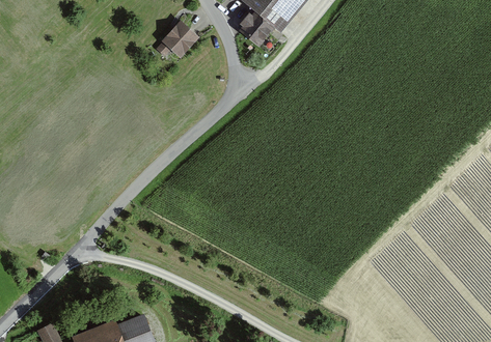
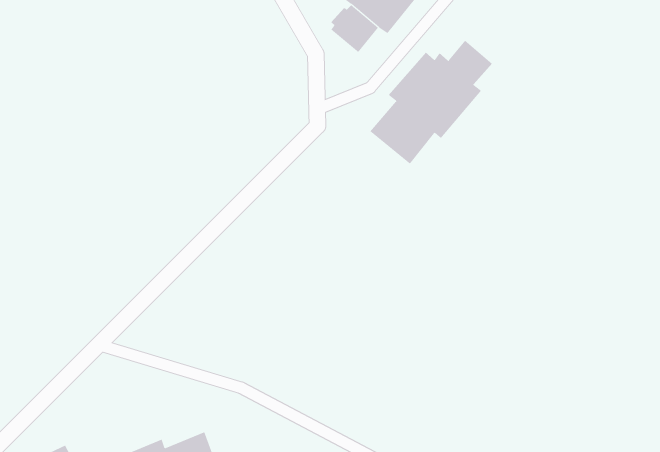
building: [154,22,198,59] -> none
building: none -> [369,40,493,164]

